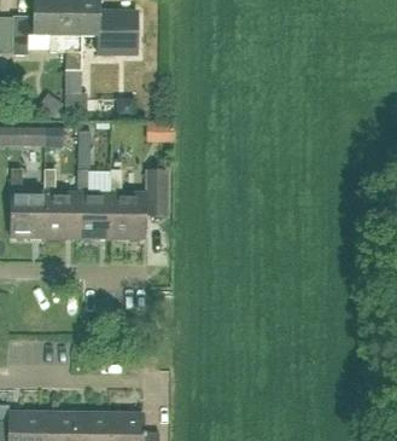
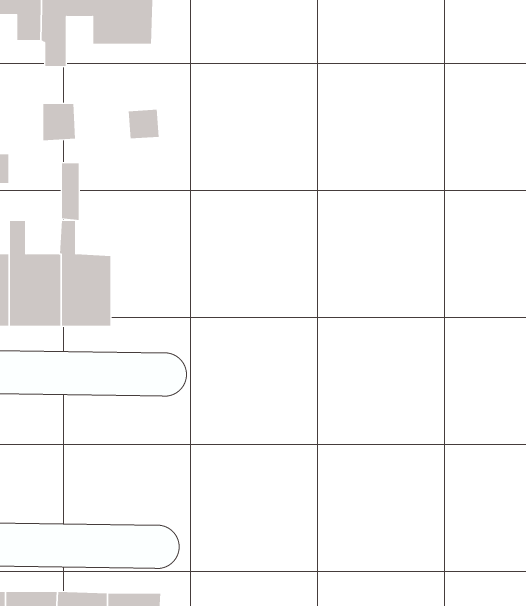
building: [111,170,168,238] -> none

